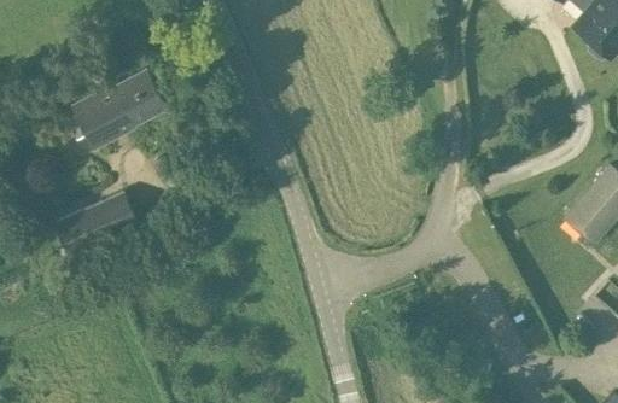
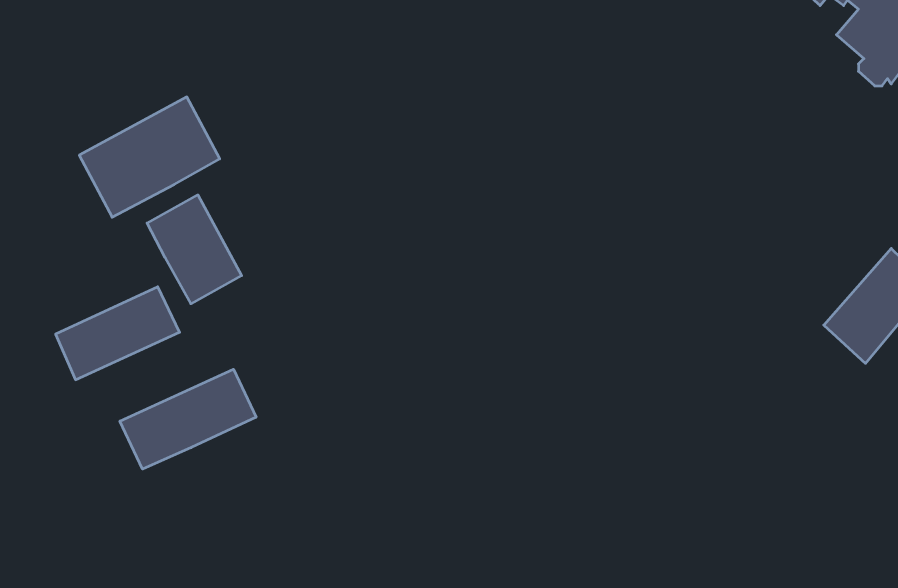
building: none -> [147,195,242,304]
building: none -> [120,369,256,469]

